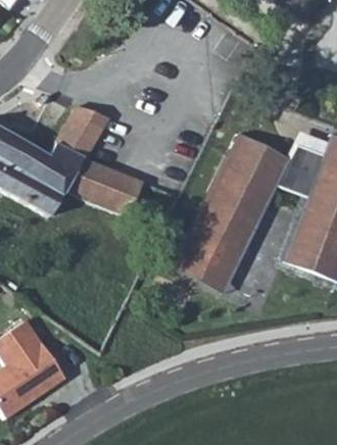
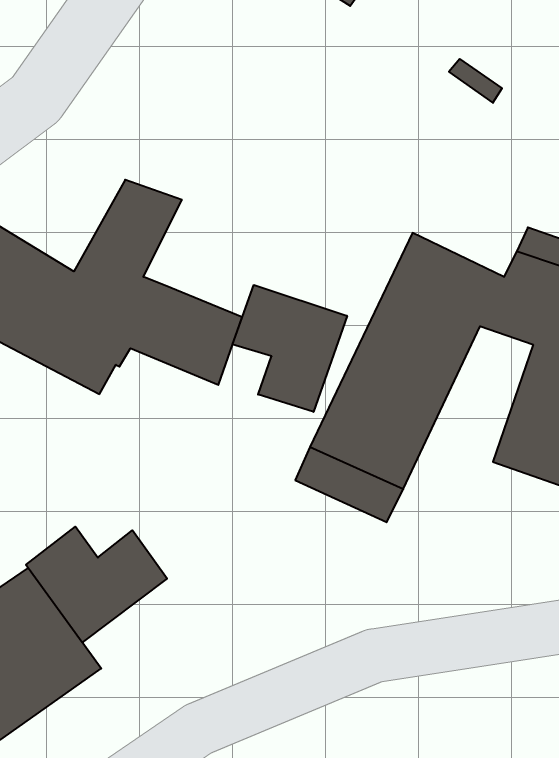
building: none -> [233,285,347,412]
building: none -> [26,527,167,642]

